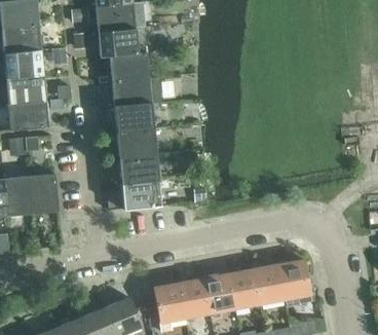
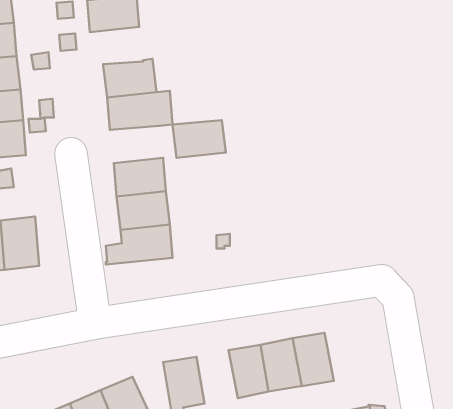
building: [98,28,139,59] -> none
building: [113,104,154,133] -> [173,120,226,158]
building: [278,258,310,301] -> none
building: [180,276,212,318] -> none

